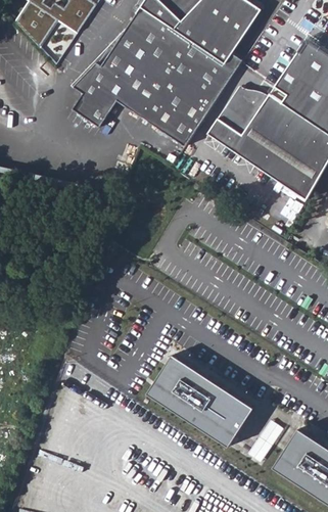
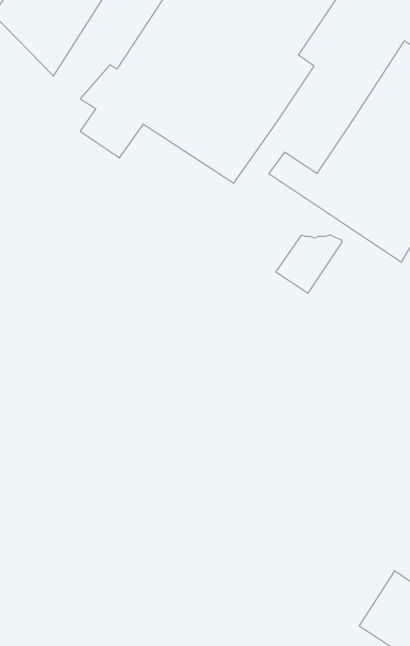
building: [221,95,269,137] -> [276,235,342,293]
building: [148,351,251,444] -> none
building: [245,417,282,459] -> none

